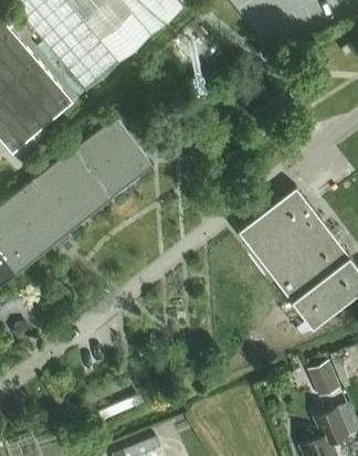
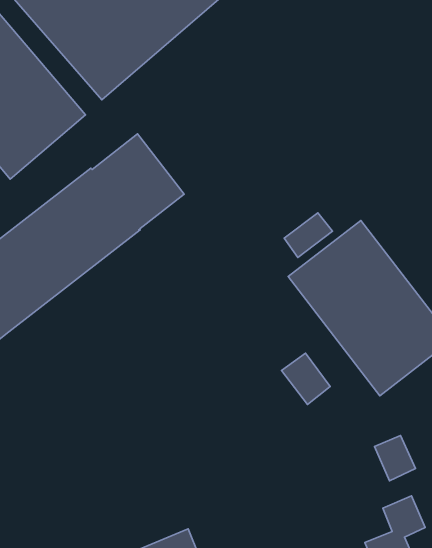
building: none -> [284,213,332,258]
building: none -> [282,353,330,404]

